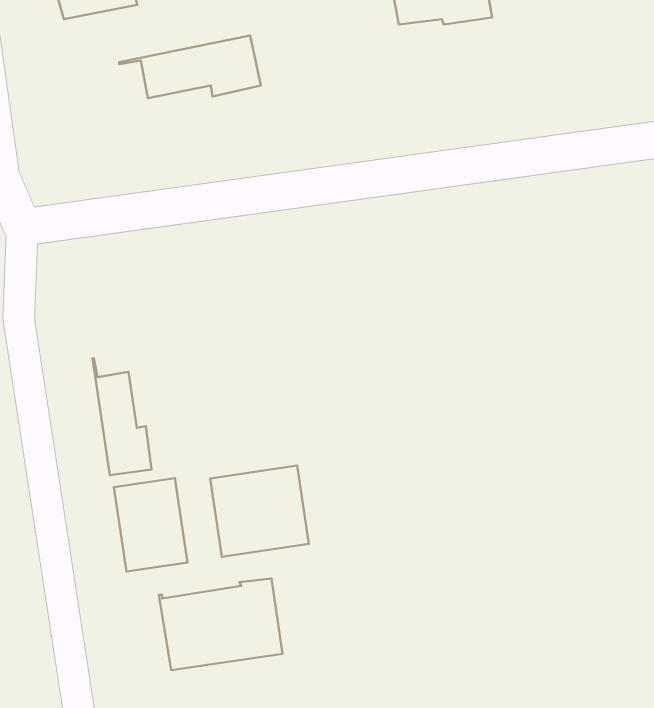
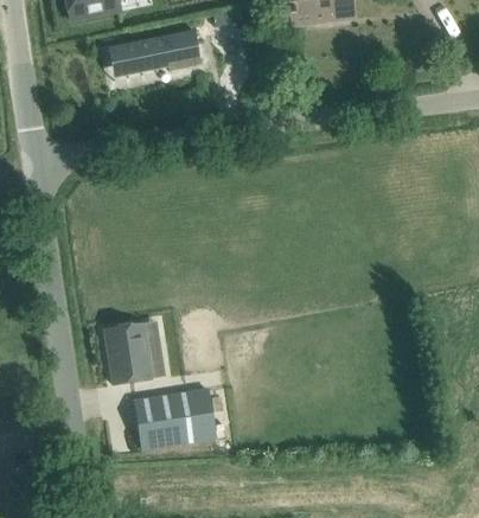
building: [93,358,151,475] -> none
building: [210,466,309,557] -> none

